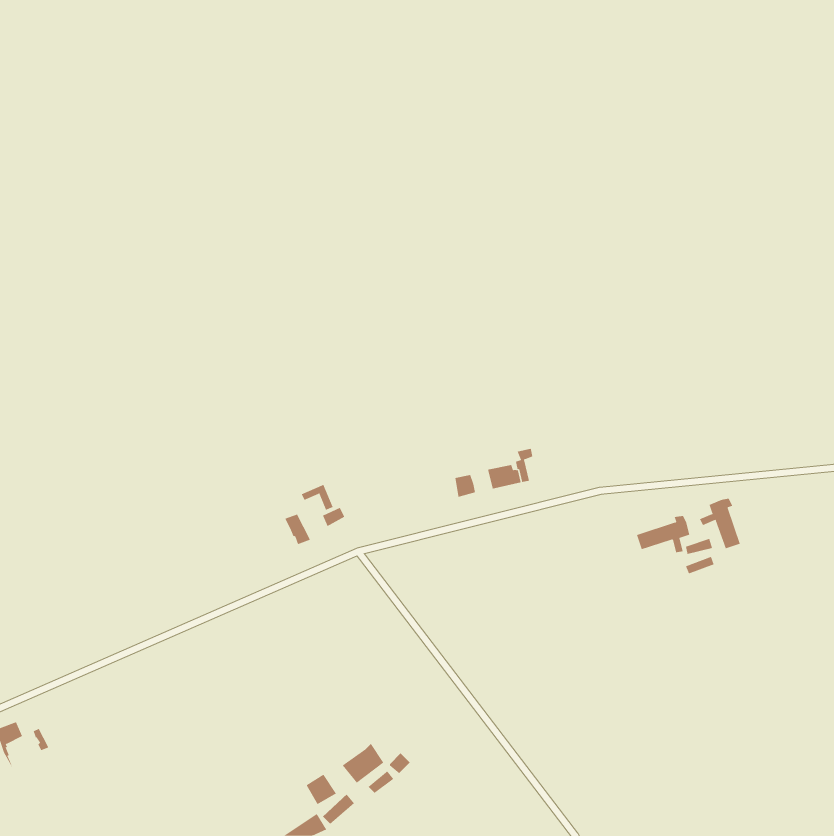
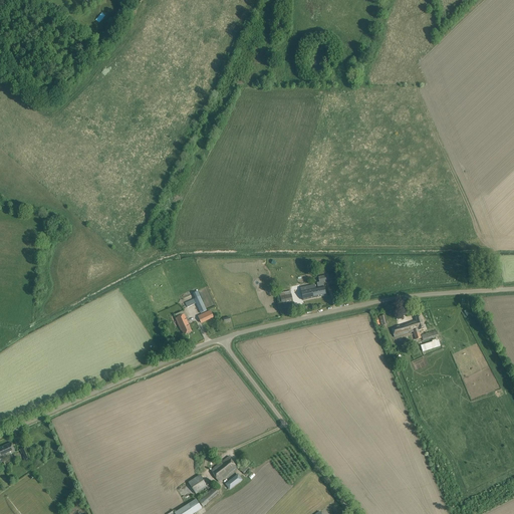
building: [699,498,740,549] -> none

